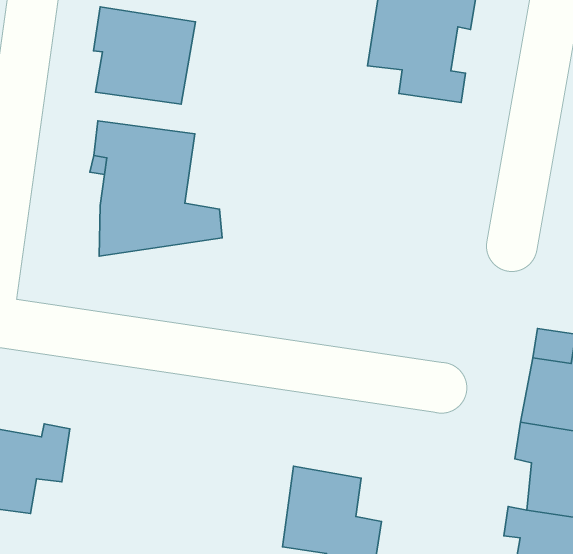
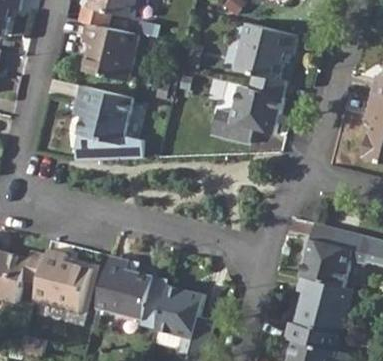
building: none -> [209,84,281,140]
building: none -> [101,255,160,319]
building: none -> [38,251,94,312]

